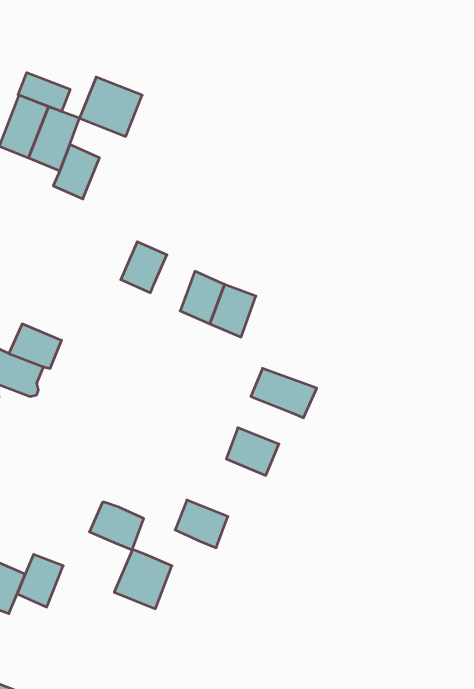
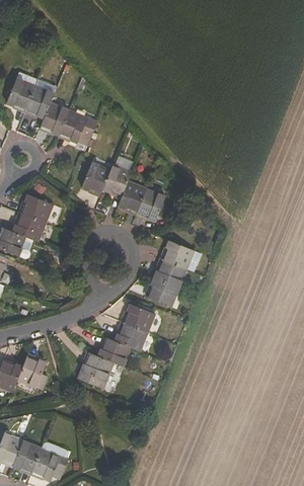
building: [18,73,70,112] -> none
building: [80,77,142,136] -> [58,110,96,147]
building: none -> [101,164,131,196]
building: none -> [20,193,53,223]
building: none -> [153,257,186,287]
building: none -> [122,303,154,331]
building: [89,502,144,550] -> [96,336,130,366]

